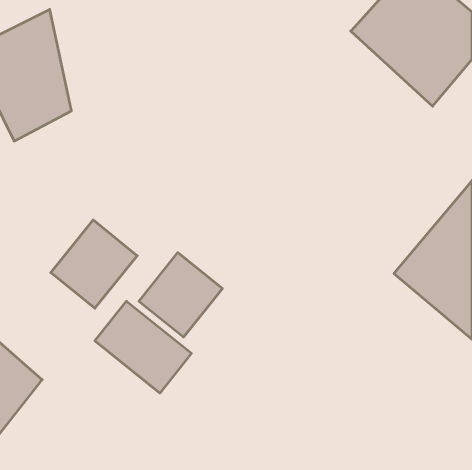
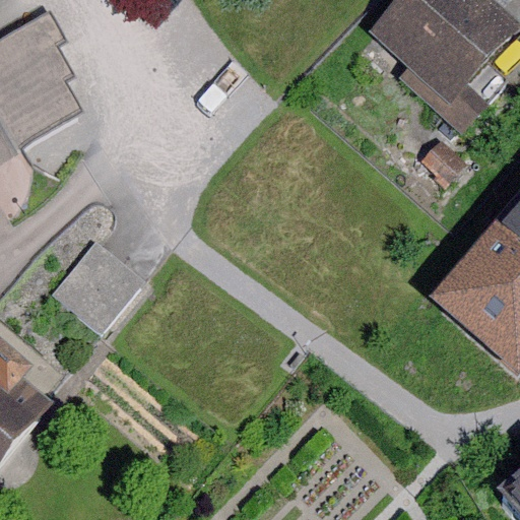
building: [139,253,222,337] -> none
building: [95,301,191,393] -> none

